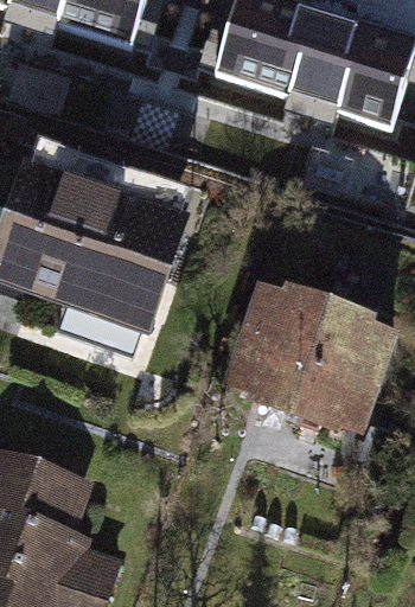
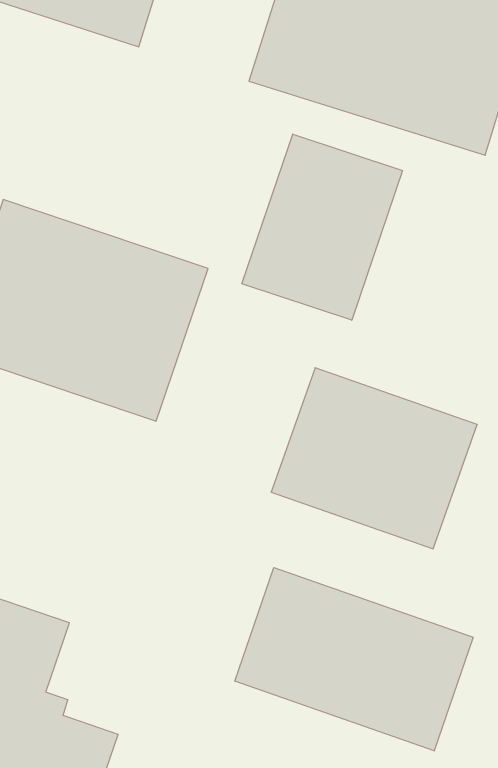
building: none -> [242,134,402,320]
building: none -> [235,568,473,751]

